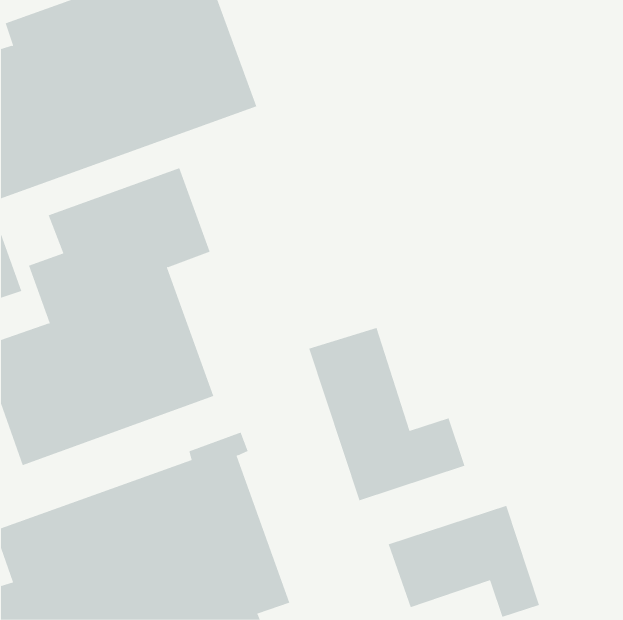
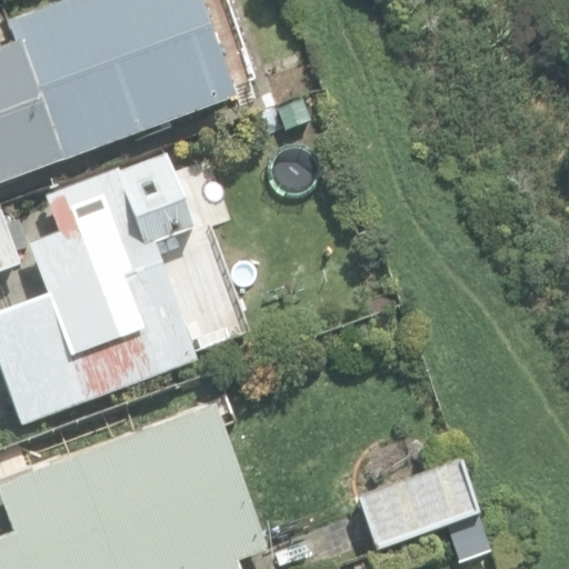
building: [309,327,465,501] -> none

